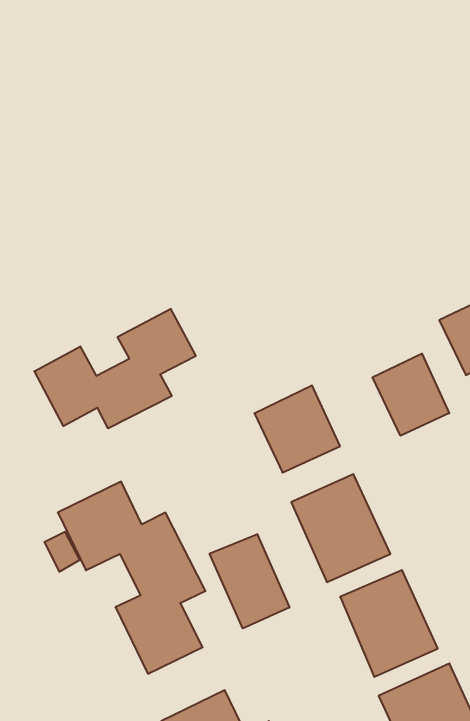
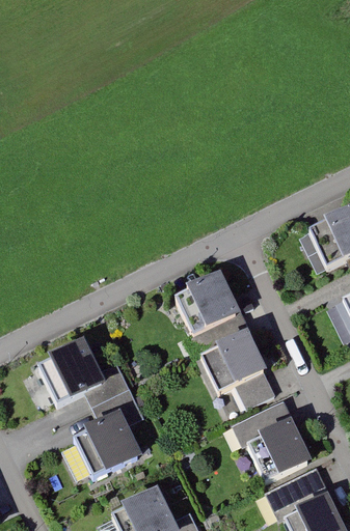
building: [34,309,196,428] -> none
building: [373,354,449,436] -> none
building: [210,534,289,628] -> none

